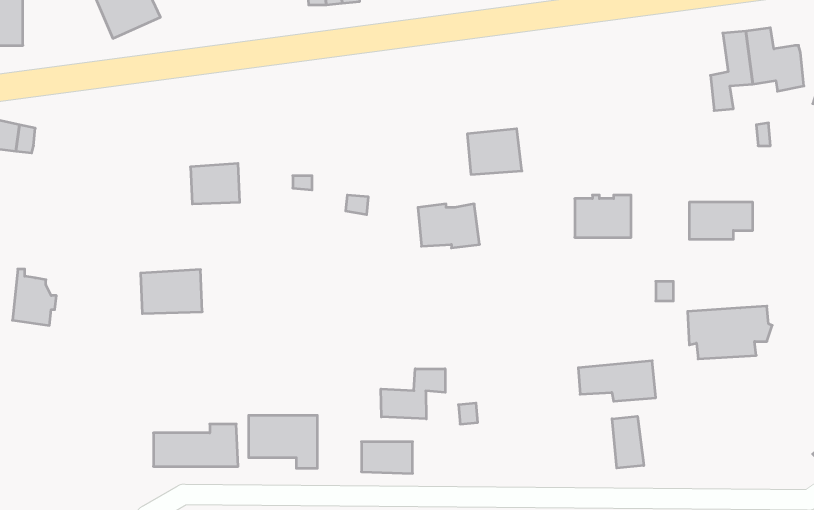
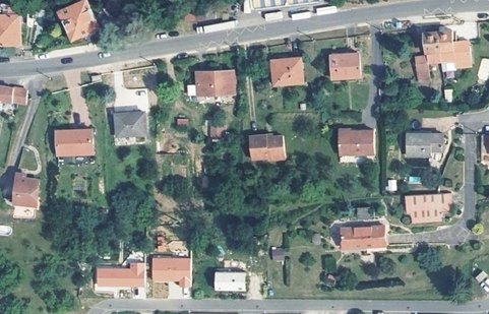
building: none -> [330,54,360,78]
building: none -> [194,75,229,98]
building: [467,129,522,174] -> [273,56,305,82]
building: [141,270,202,314] -> [57,128,93,153]
building: [381,369,445,419] -> none
building: [612,416,644,468] -> none

